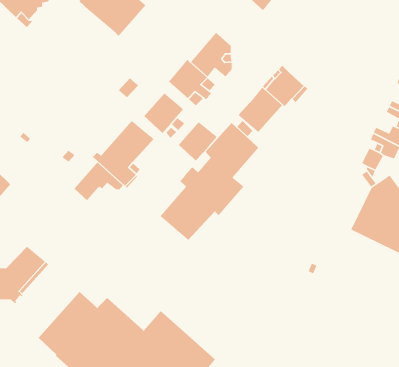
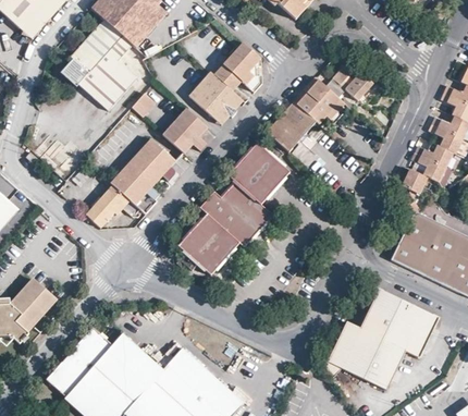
building: none -> [69,19,137,110]
building: none -> [324,65,374,100]
building: [178,121,218,162] -> none
building: none -> [323,286,438,389]

